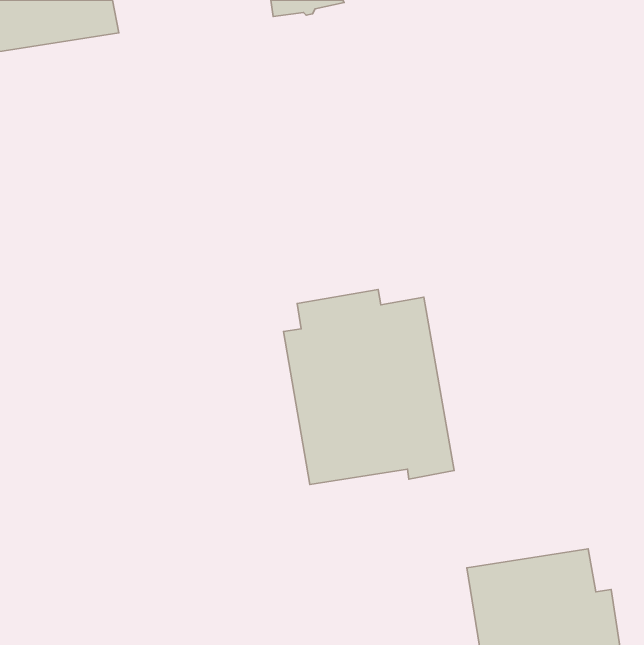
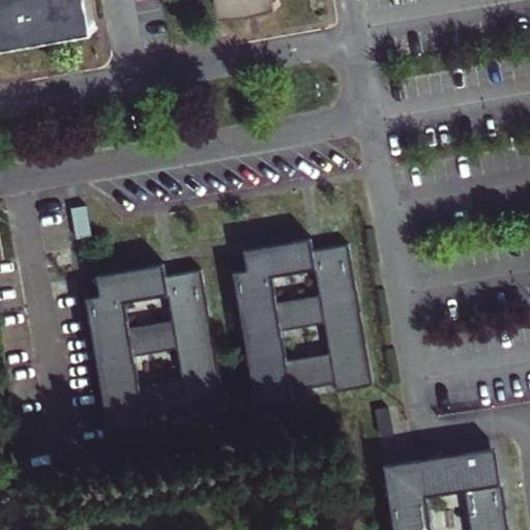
building: none -> [85,263,224,422]

